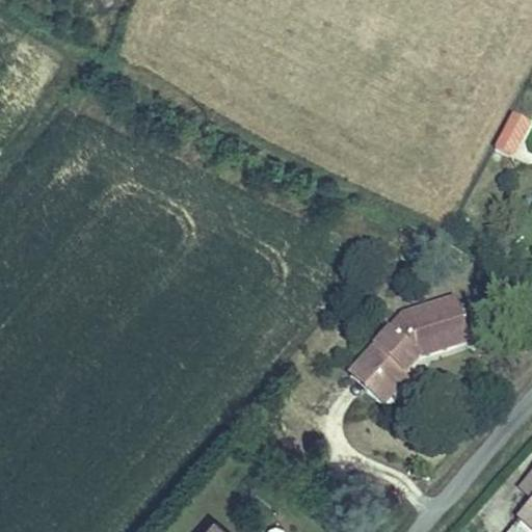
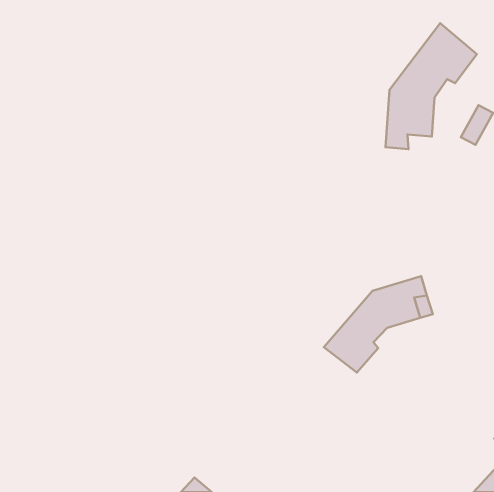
building: none -> [385,23,477,149]

